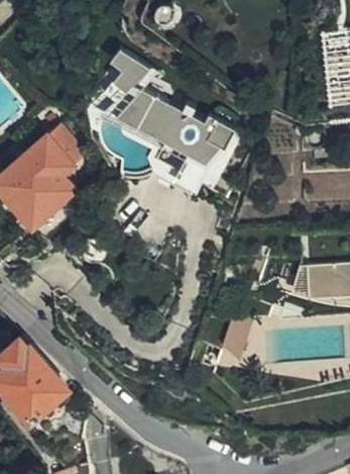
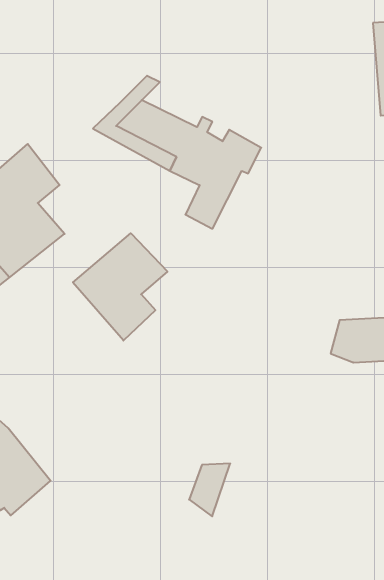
building: [101,54,147,95] -> none
building: none -> [73,233,167,341]
building: [222,319,254,361] -> [189,464,230,516]

